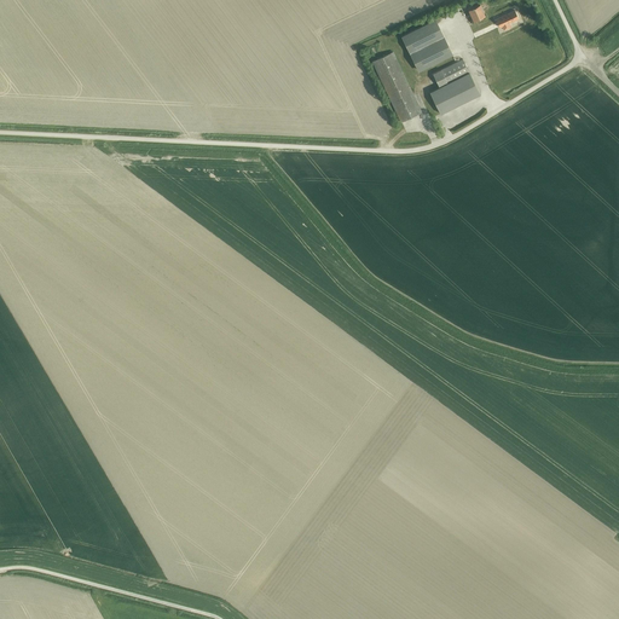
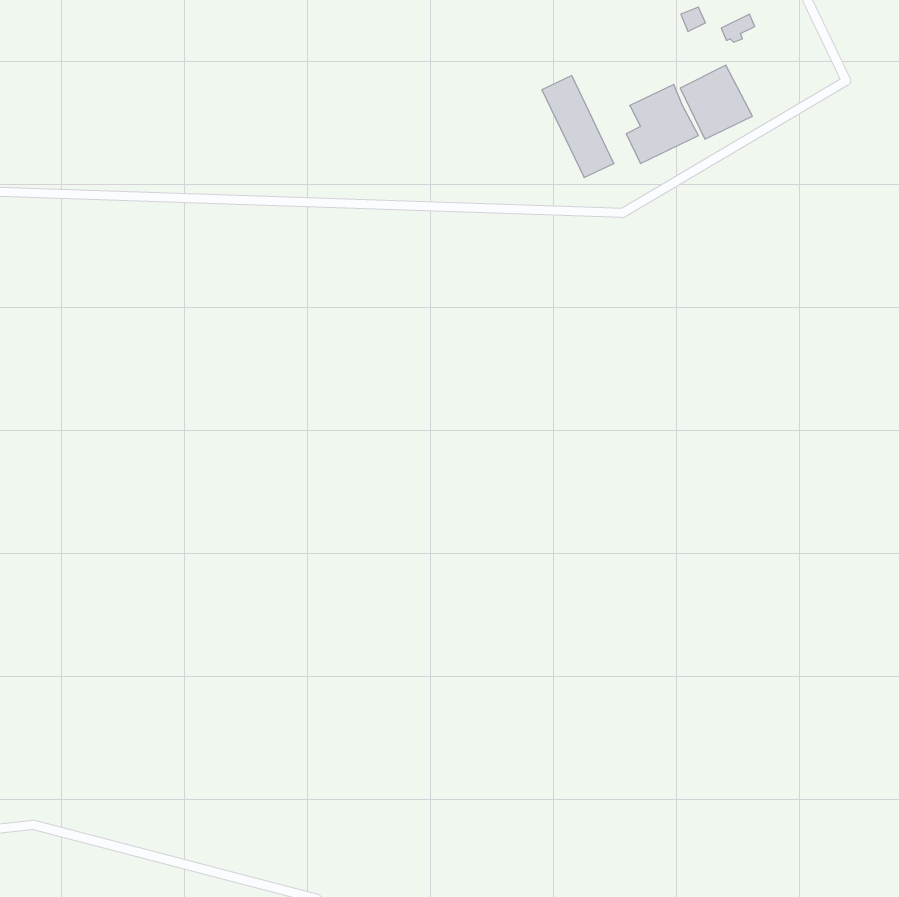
building: [403,21,452,71] -> [680,65,752,139]

